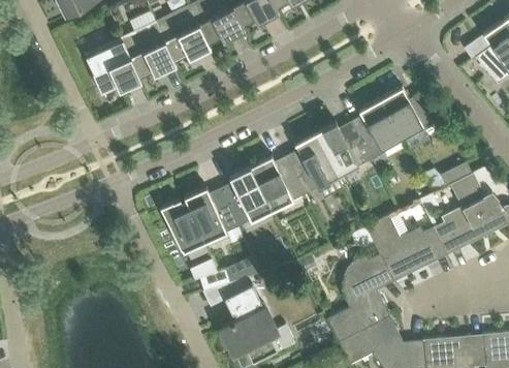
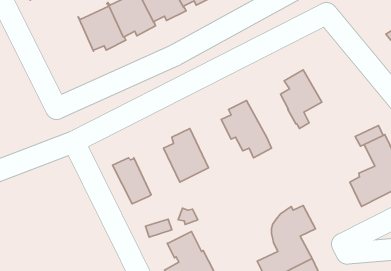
building: [84,38,141,98] -> none
building: [380,88,436,136] -> none
building: [315,122,365,178] -> none
building: [250,156,310,212] -> none
building: [184,188,238,243] -> none
building: [365,216,447,282] -> none

